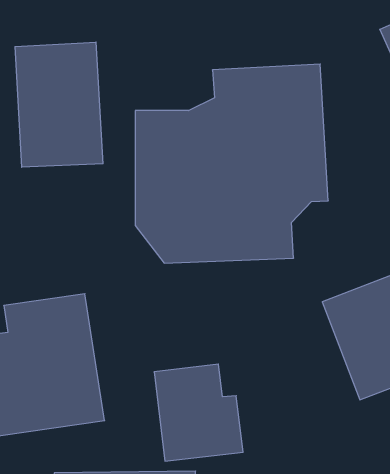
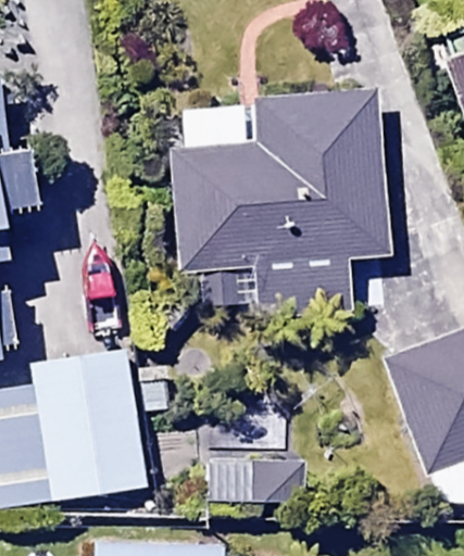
building: [15,42,103,167] -> none

